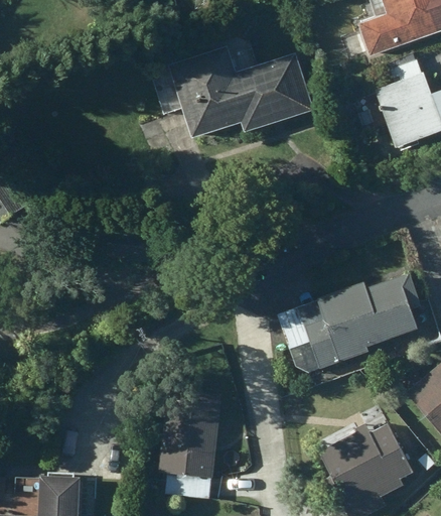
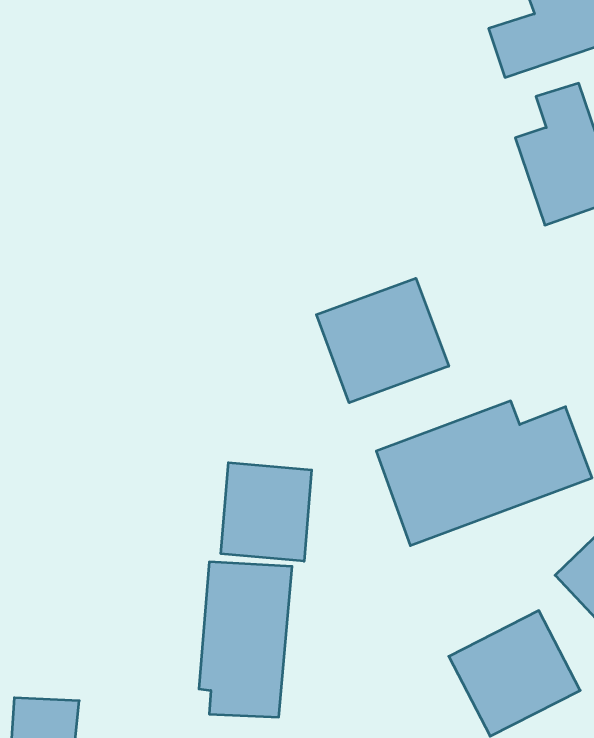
building: [170,45,311,146] -> none
building: none -> [316,278,449,403]
building: none -> [221,463,312,561]

